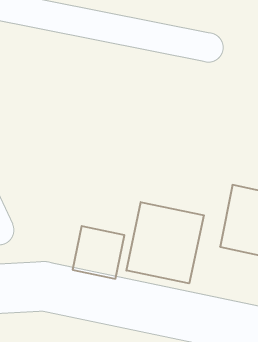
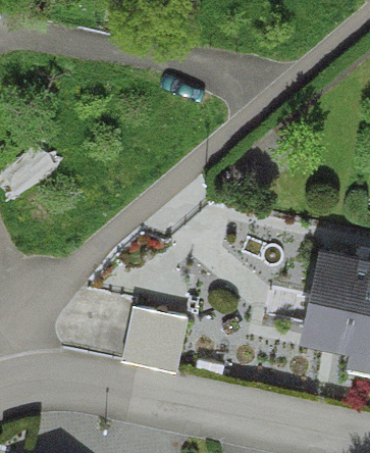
building: [126,202,204,283] -> none

